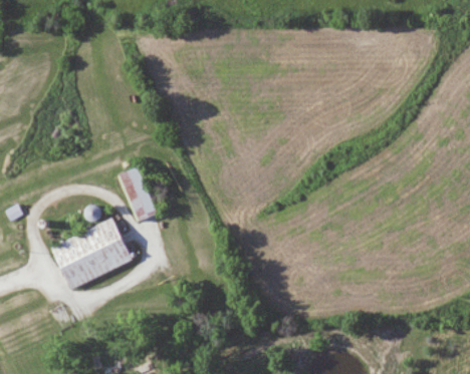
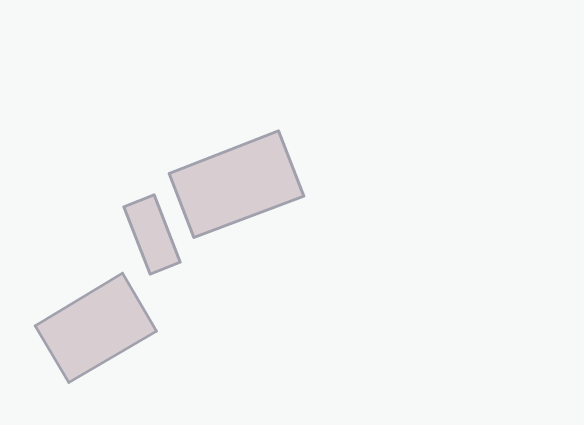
building: none -> [169,131,304,238]

